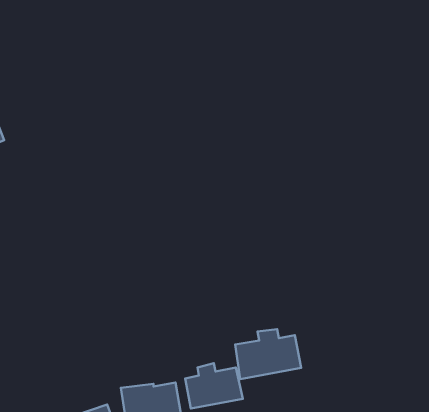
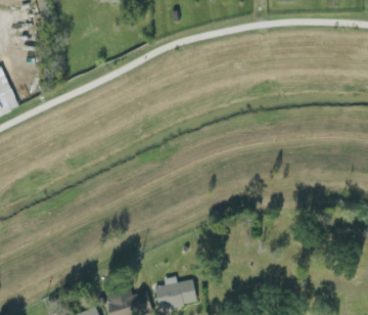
building: [235,329,301,379] -> none

